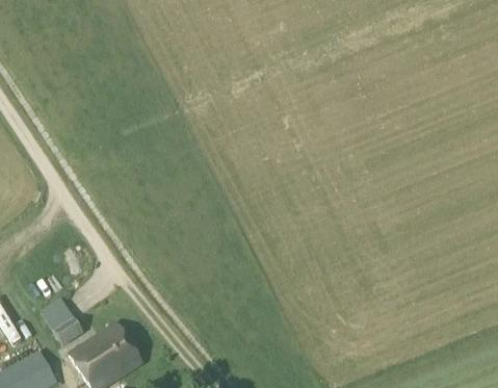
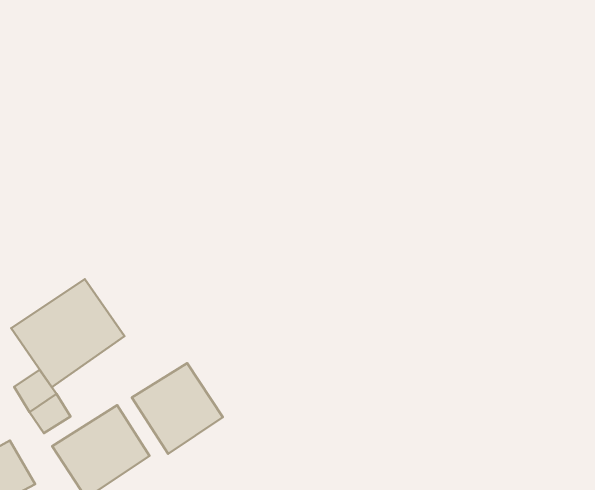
building: none -> [11,279,124,387]
building: none -> [132,363,223,454]

